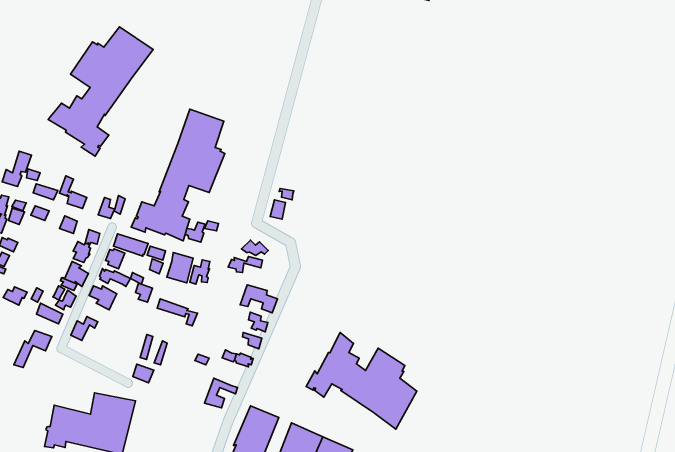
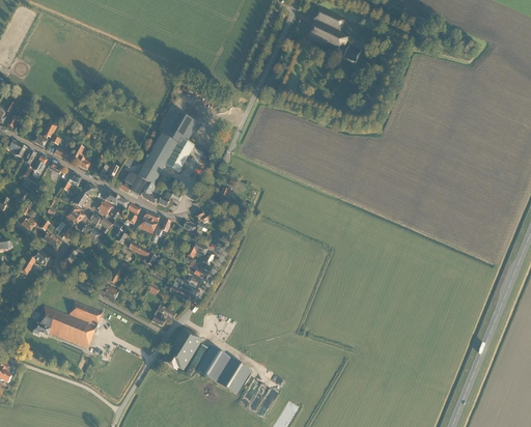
building: [48,27,153,156] -> none
building: [306,332,417,429] -> none

